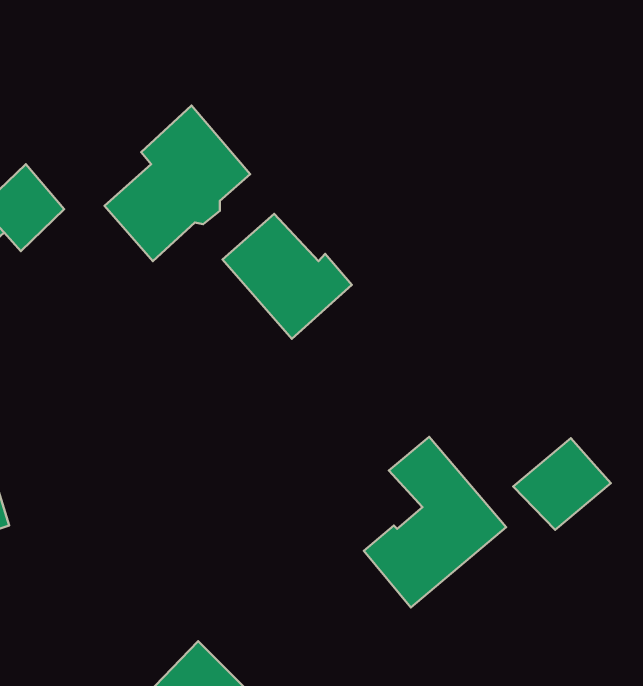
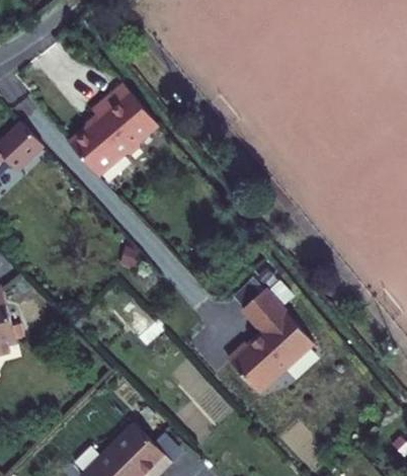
building: [222,214,352,339] -> none
building: [513,438,611,530] -> none

